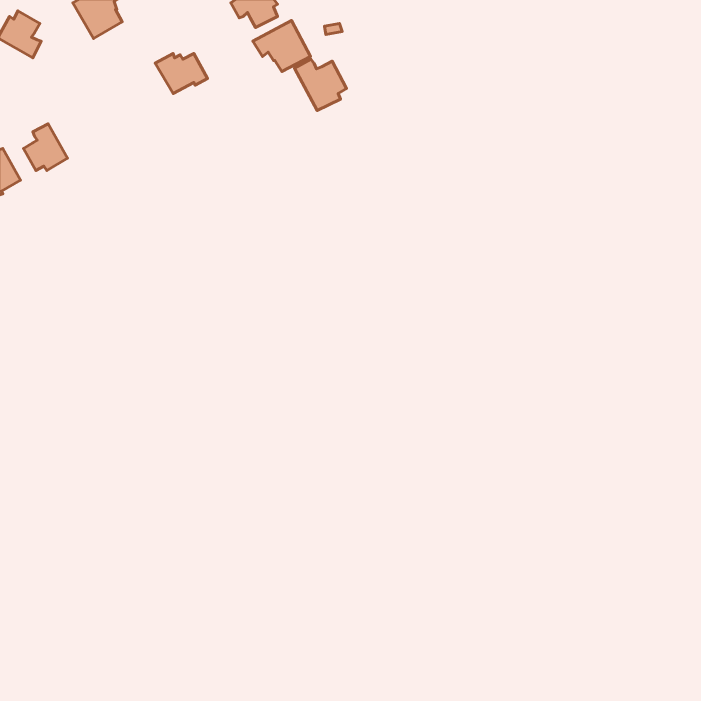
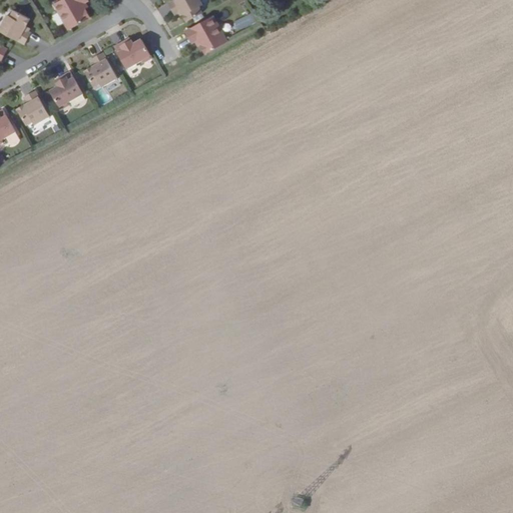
building: [295,59,347,111] -> none
building: none -> [84,52,117,86]
building: none -> [50,70,82,108]

